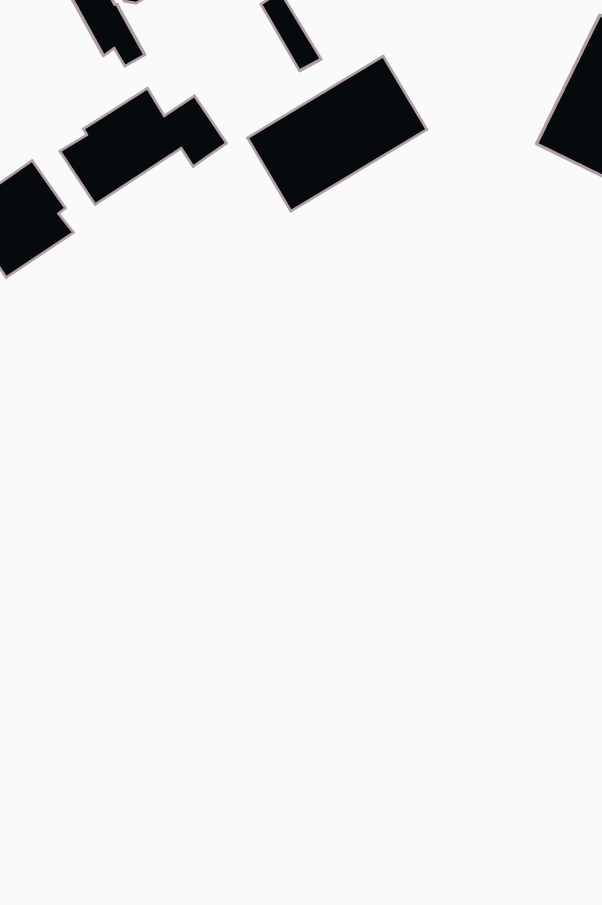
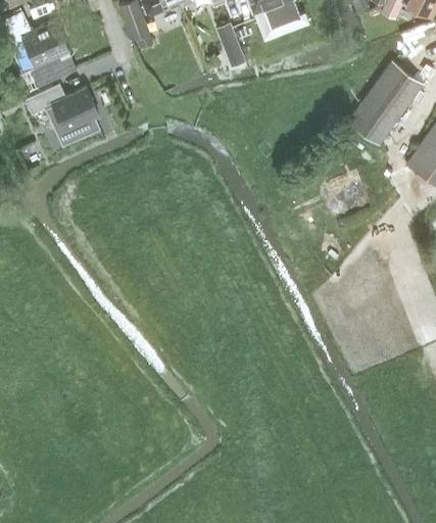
building: [247,56,427,211] -> none
building: [60,88,226,204] -> none

